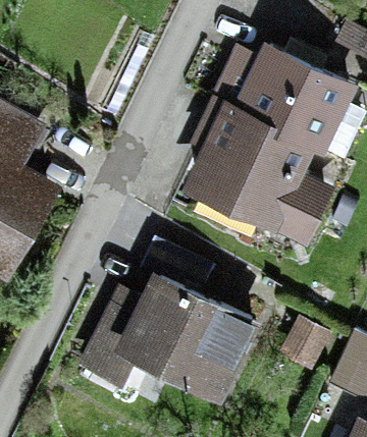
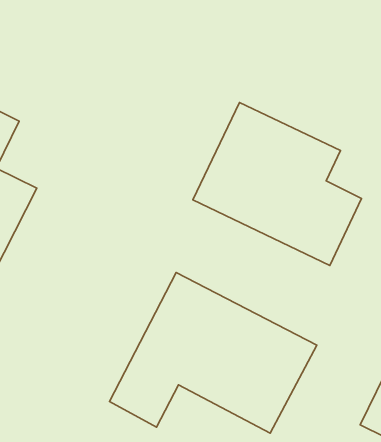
building: [226,49,343,149] -> none

